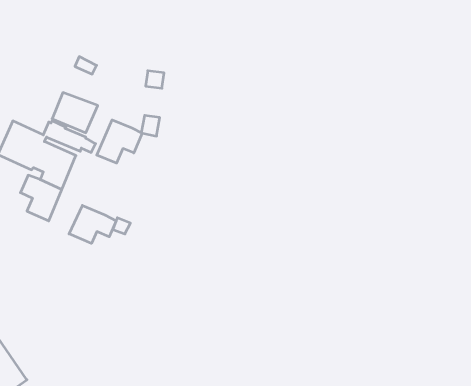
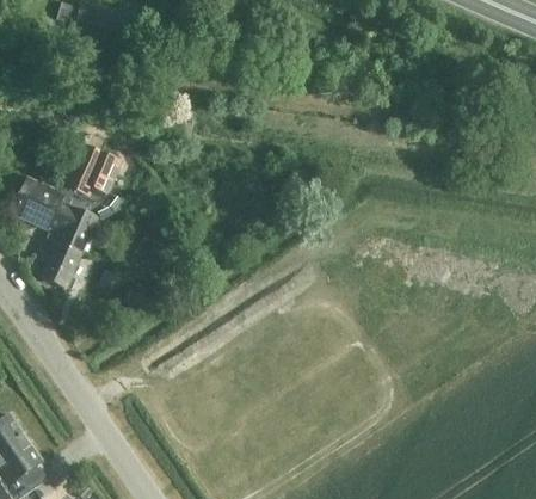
building: [97,120,142,163] -> none
building: [69,205,116,243] -> none

